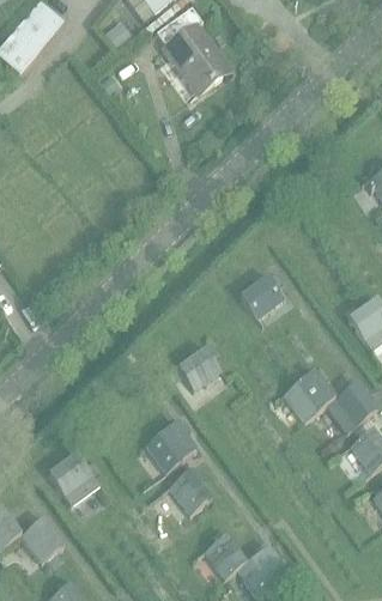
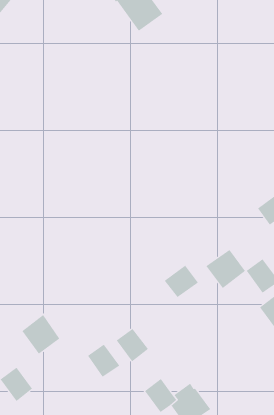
building: [239,275,284,318] -> none
building: [176,347,220,389] -> [164,265,199,298]
building: [153,423,195,466] -> [87,344,120,378]

